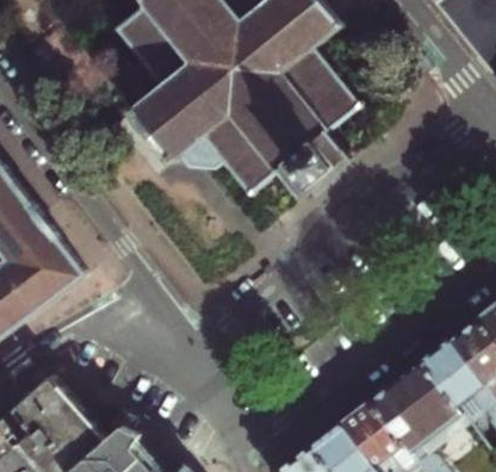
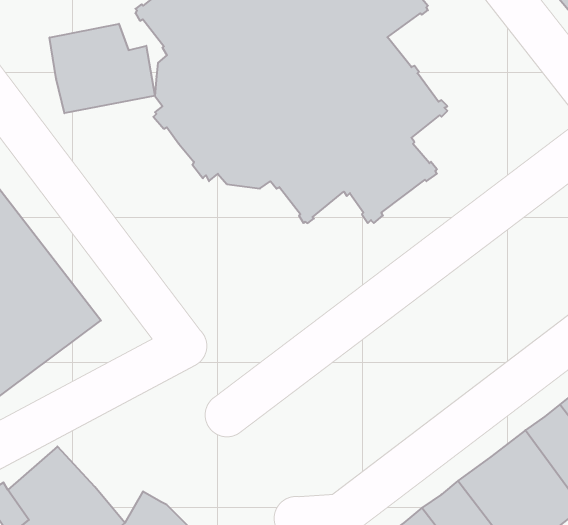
building: none -> [50,24,155,113]

